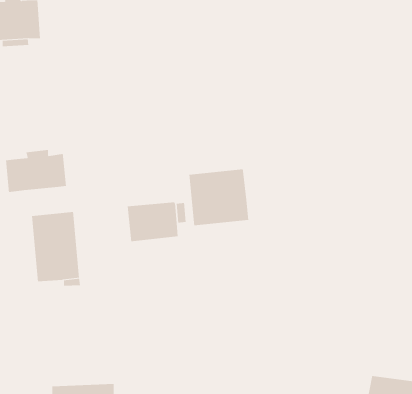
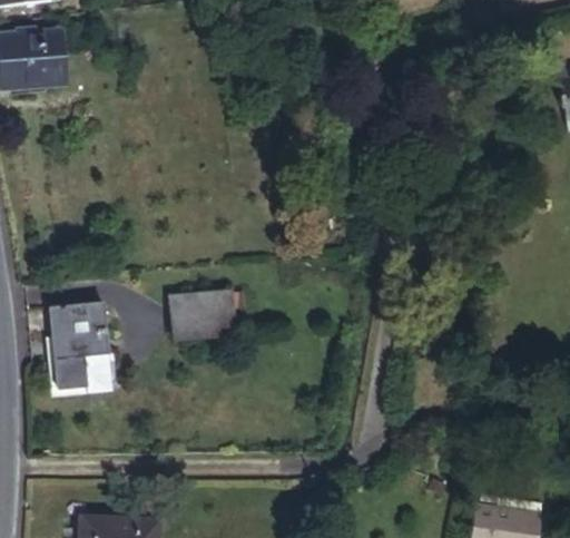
building: [5,149,66,193] -> none
building: [189,169,249,226] -> none

